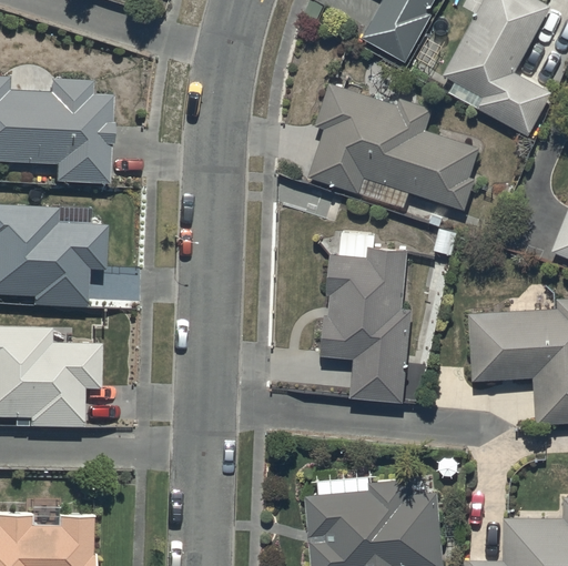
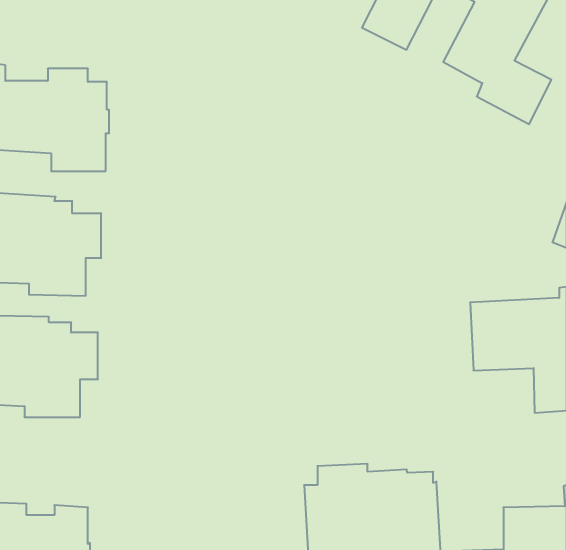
building: [307,83,479,210] -> none
building: [322,232,410,401] -> none

